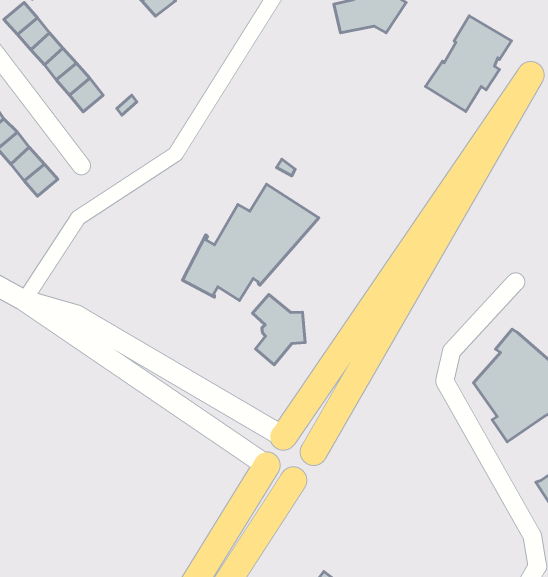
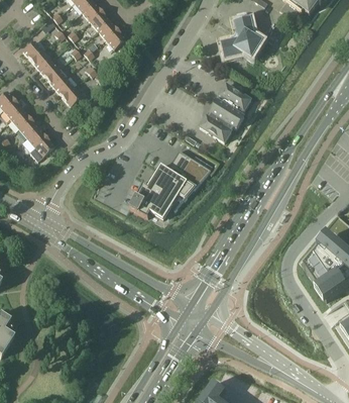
building: [426,16,511,112] -> [200,83,251,140]
building: [252,294,305,365] -> none

